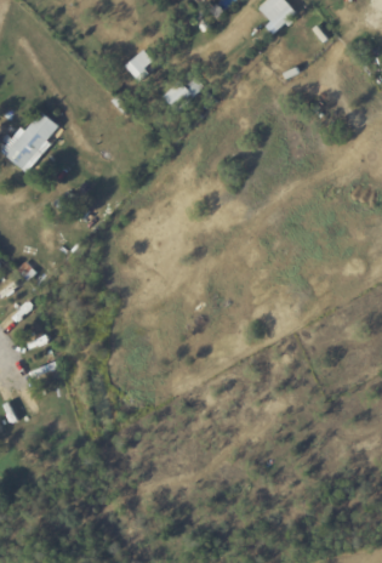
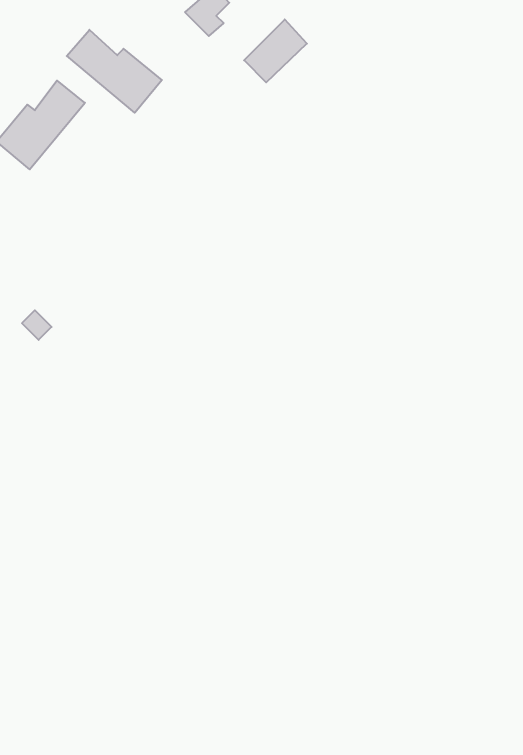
building: none -> [67,30,162,113]

